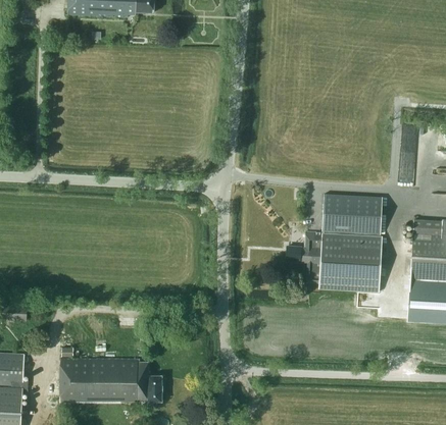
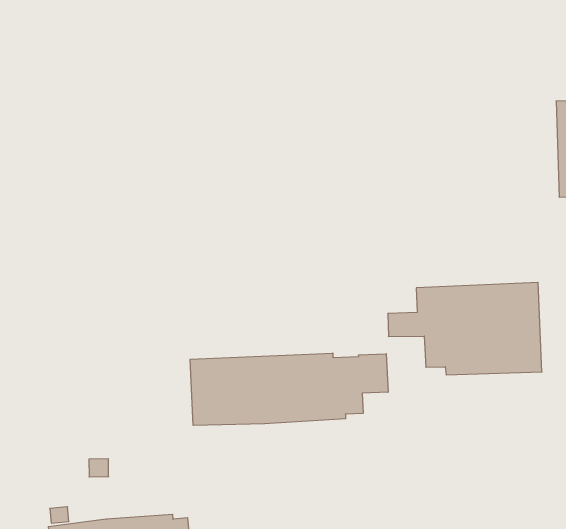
building: [321,193,382,233] -> none
building: none -> [190,353,388,425]

